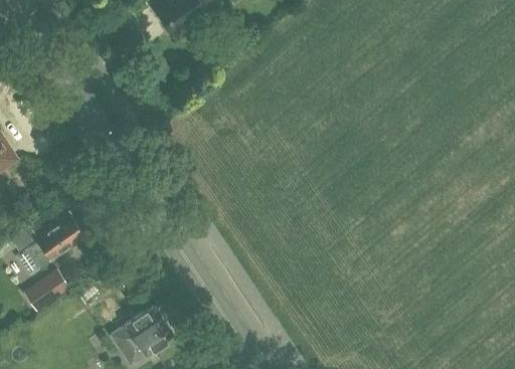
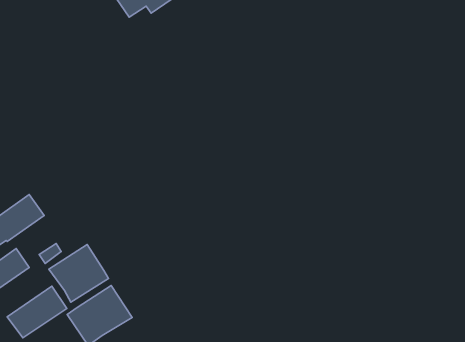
building: none -> [49,245,108,302]
building: none -> [7,286,67,338]

